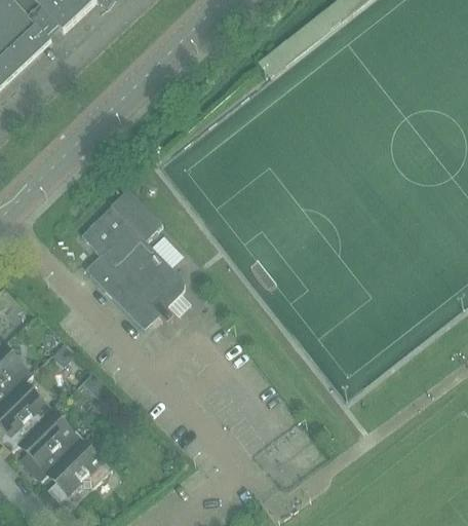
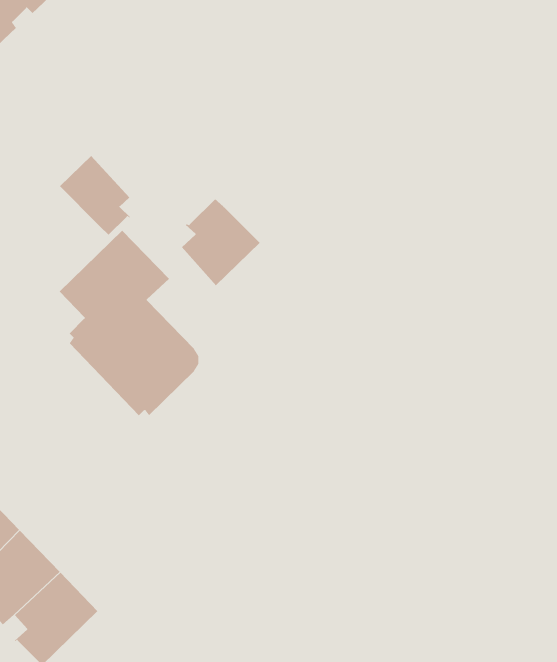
building: none -> [59,155,131,235]
building: none -> [181,199,260,286]

